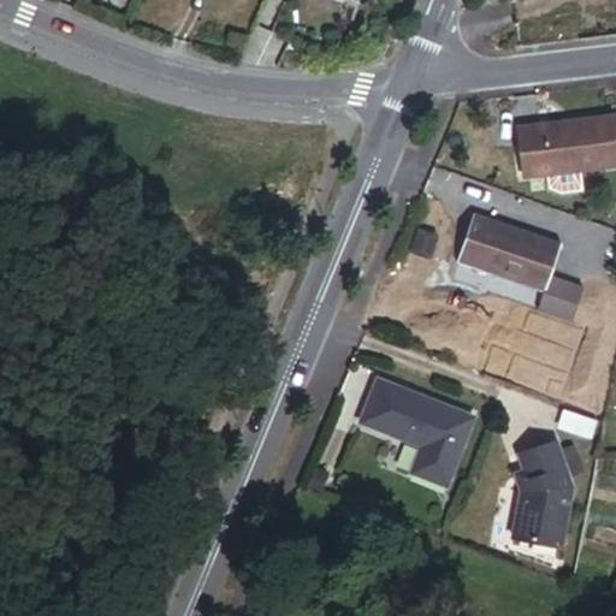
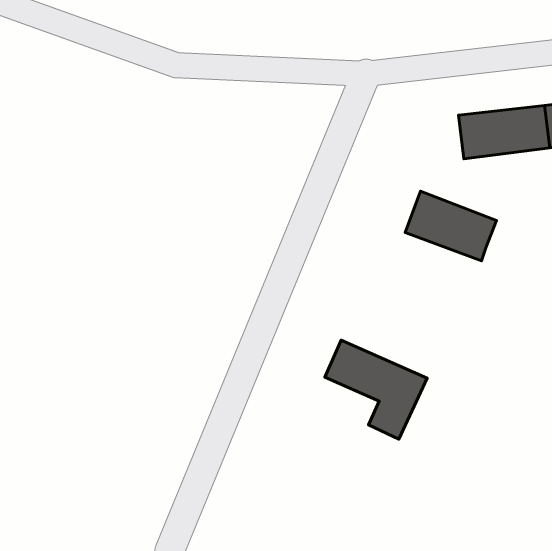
building: [528,274,576,322] -> none
building: [516,440,574,545] -> none

